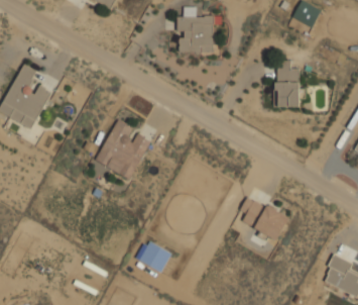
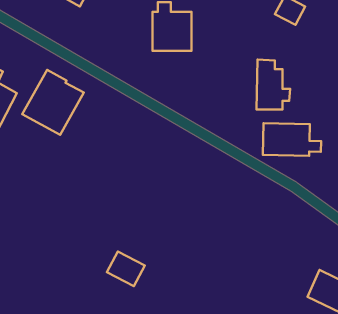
building: [94,119,151,180] -> [22,70,84,135]
building: none -> [263,123,321,156]
building: [239,198,287,239] -> none

